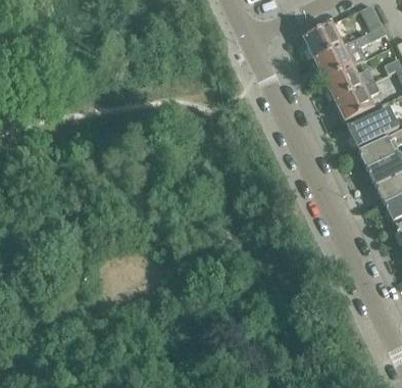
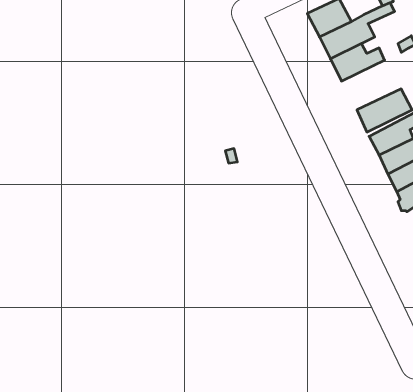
building: [334,80,379,120] -> none

